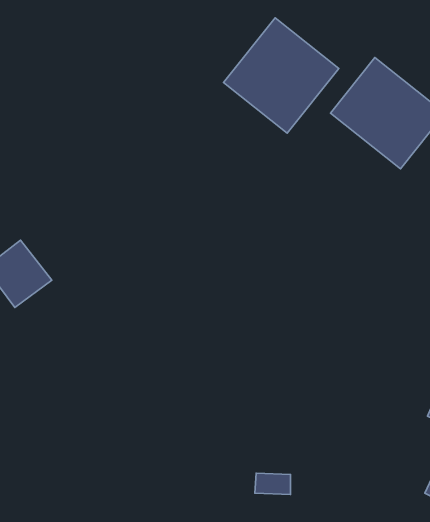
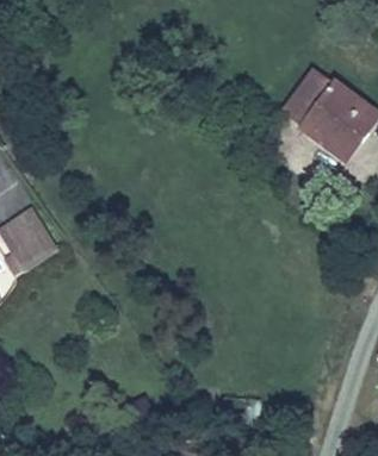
building: [224,18,339,133] -> none

